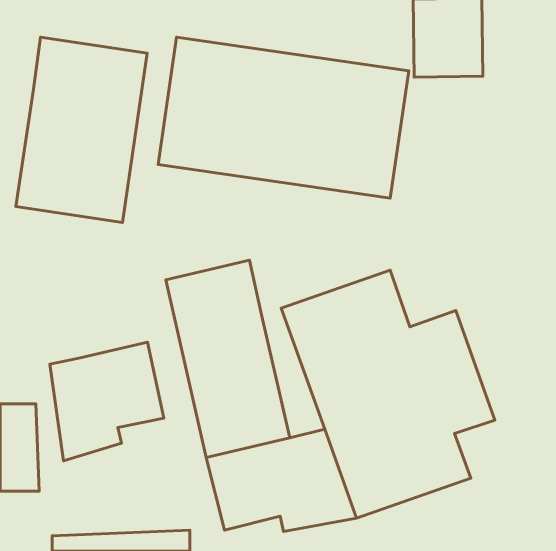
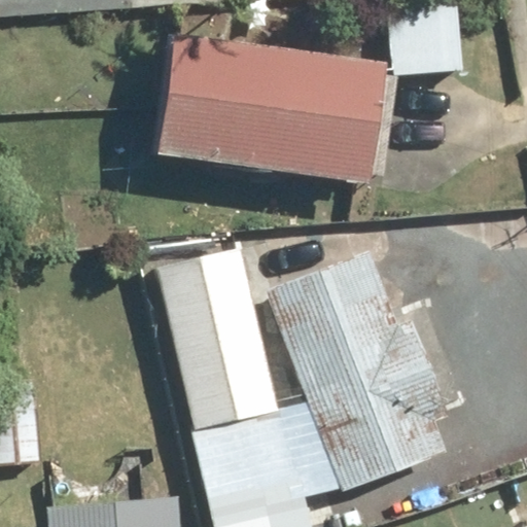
building: [16,37,147,223] -> none
building: [50,342,164,461] -> none

